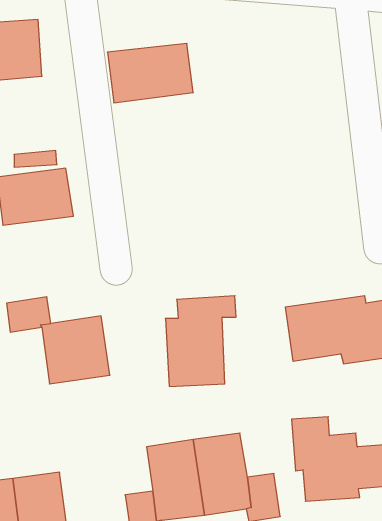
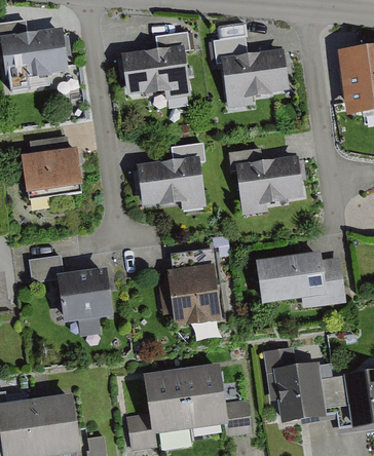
building: none -> [217,34,282,103]
building: none -> [136,145,207,208]
building: none -> [229,148,298,216]

